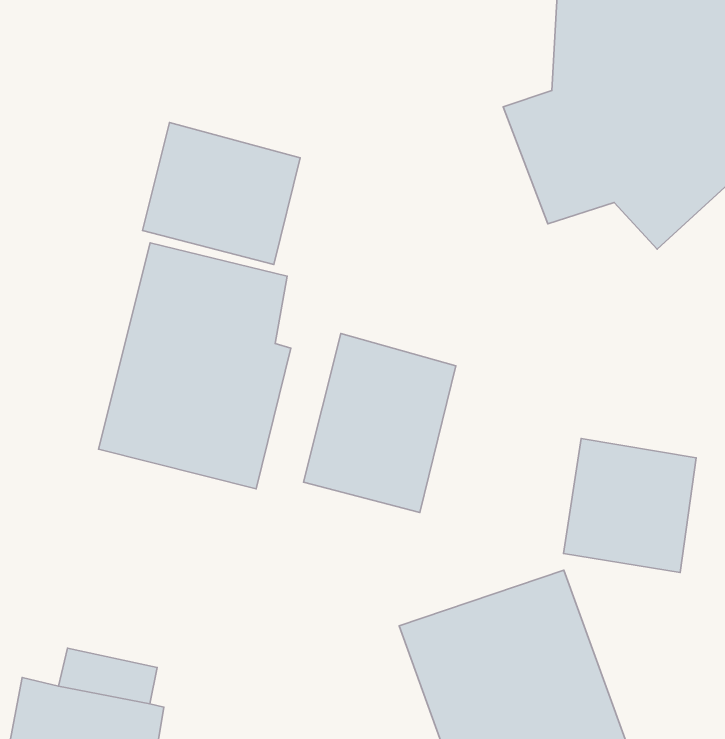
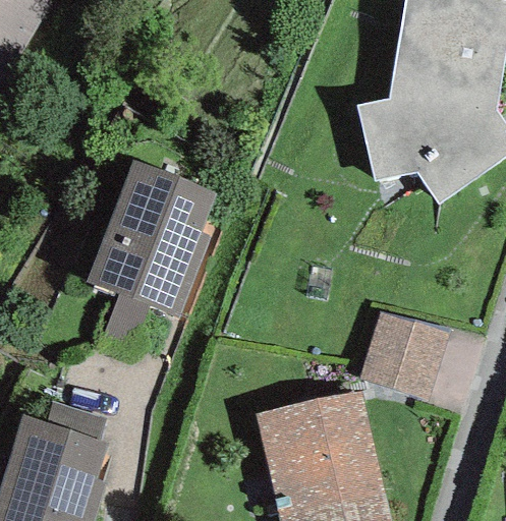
building: [143,122,300,265] -> none
building: [304,333,456,512] -> none

